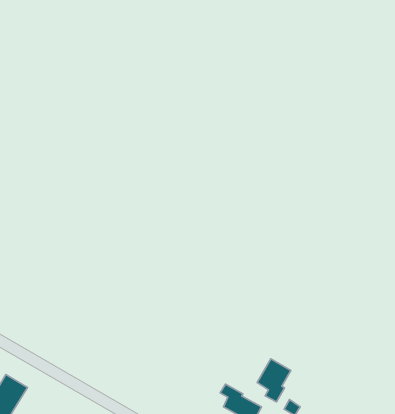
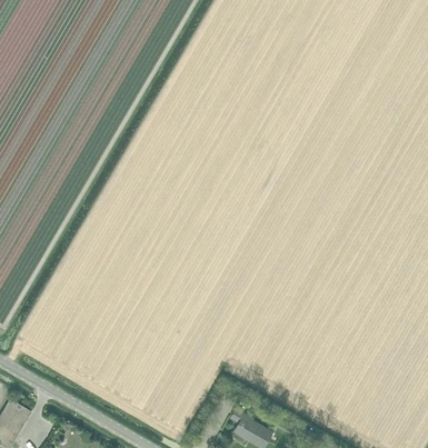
building: [257,359,291,402] -> none

